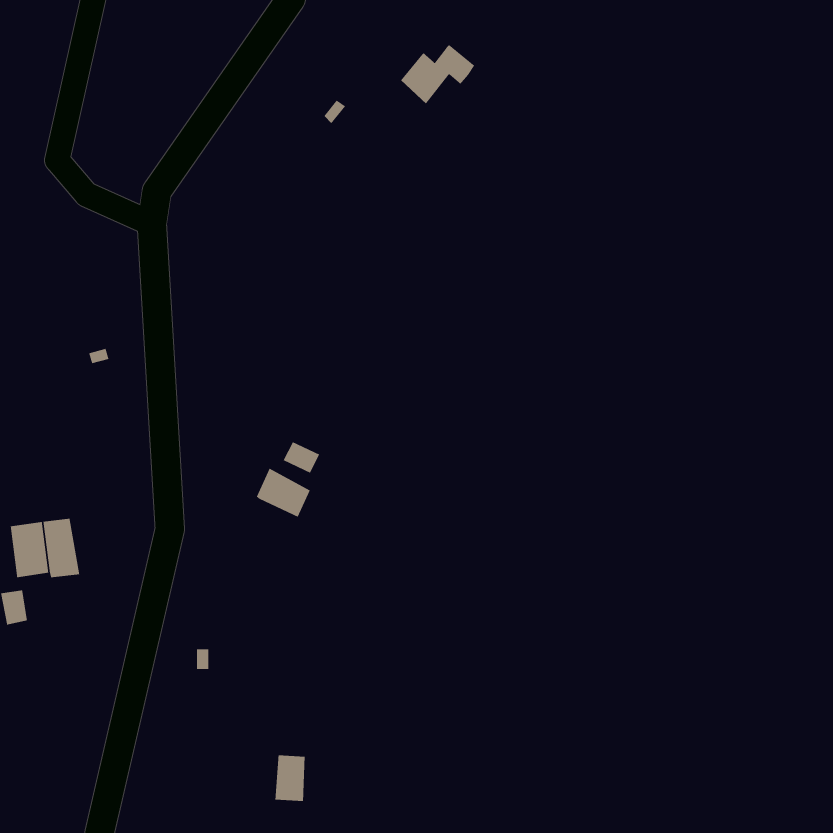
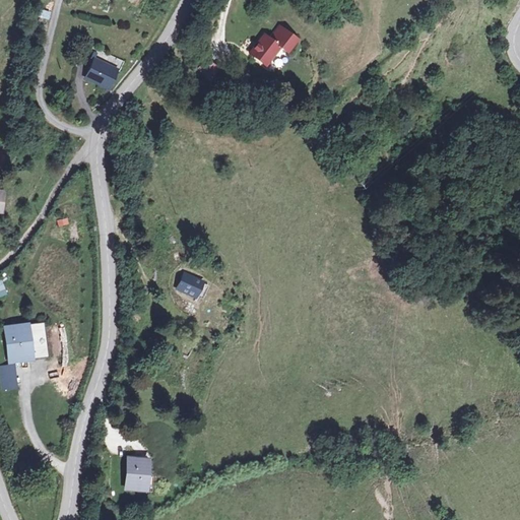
building: none -> [85,60,116,87]
building: [256,467,311,518] -> none
building: [275,754,306,802] -> [129,456,148,485]

